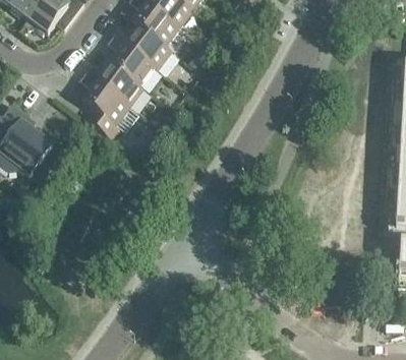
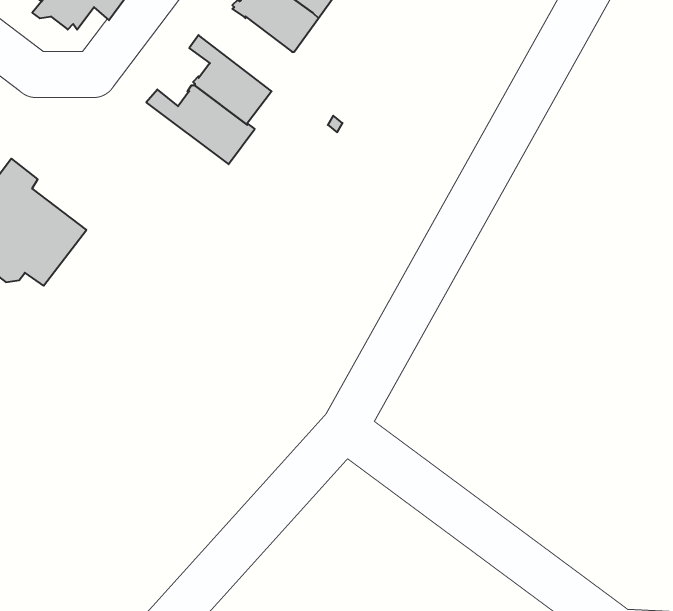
building: [115,27,173,71] -> none
building: [81,74,131,139] -> none

